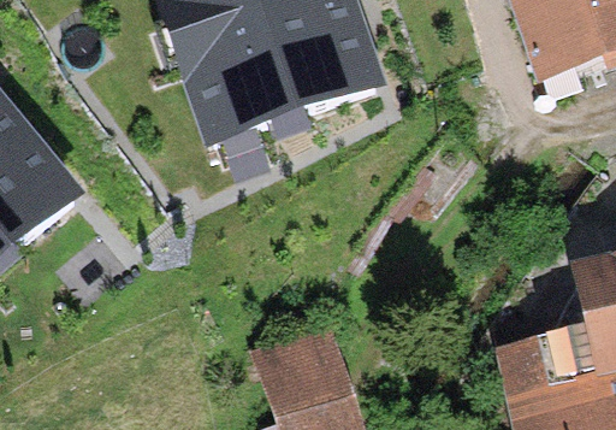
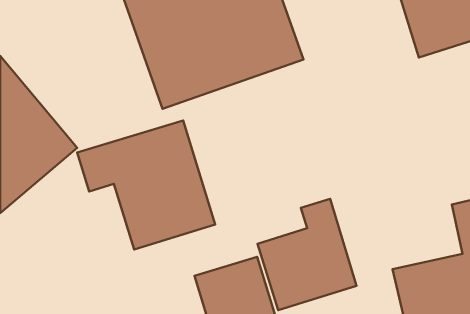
building: none -> [77,121,215,250]
building: none -> [258,199,357,310]

